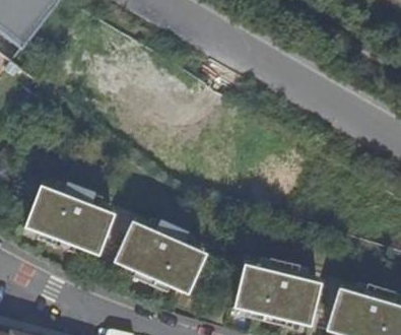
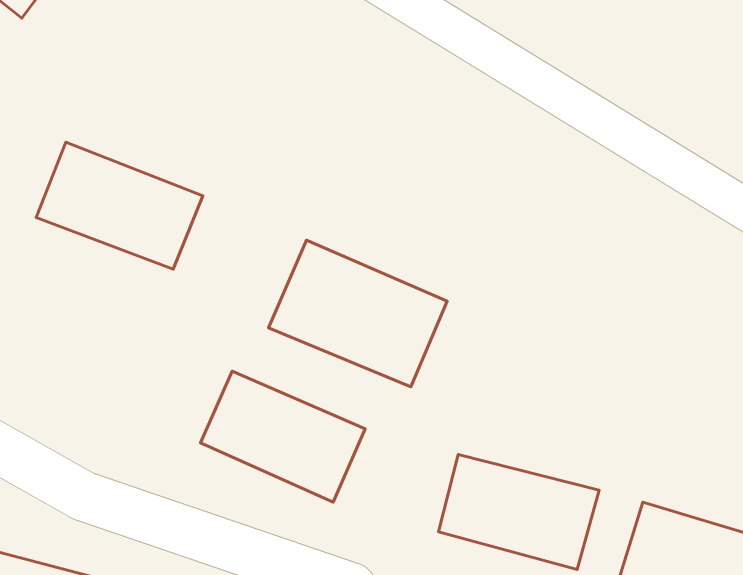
building: none -> [269,240,447,387]
building: [24,187,110,252] -> [36,142,203,269]

